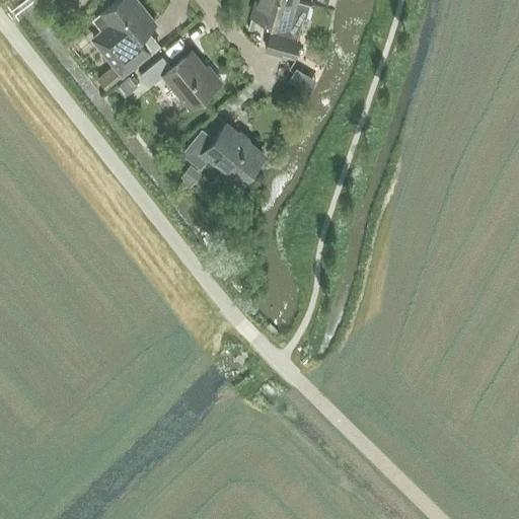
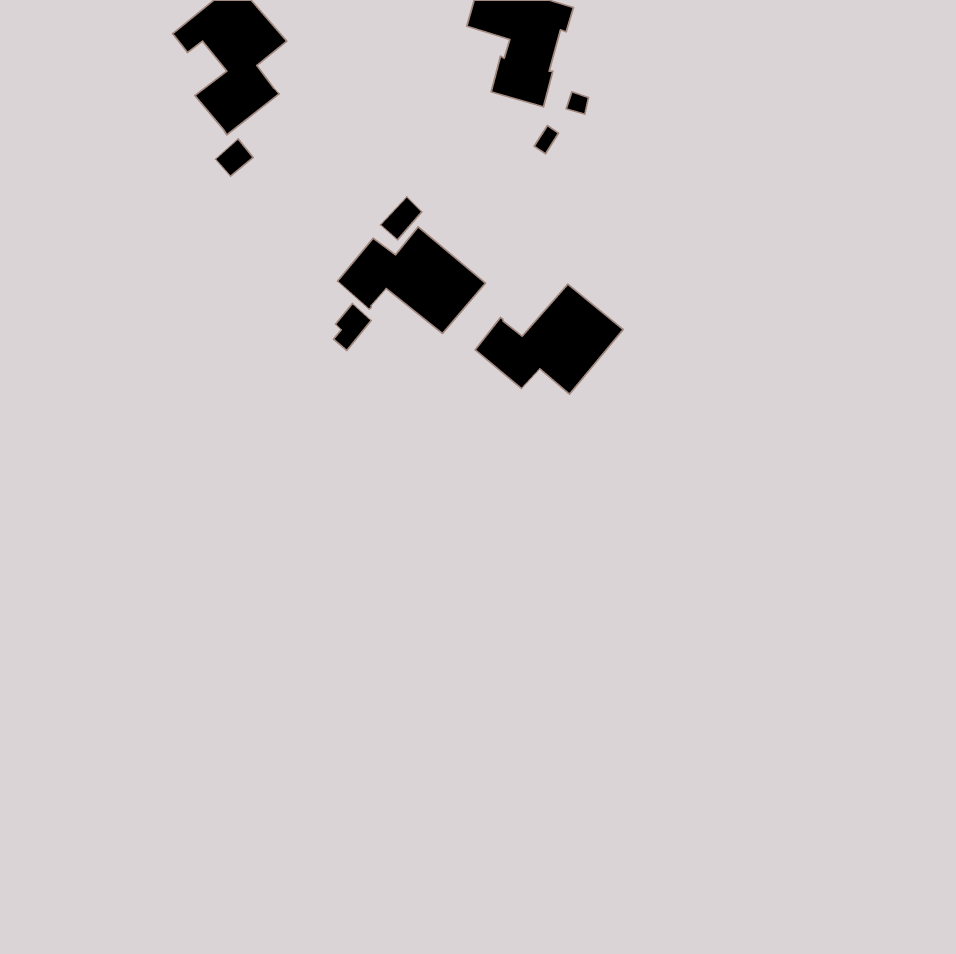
building: [141,51,221,109] -> none
building: none -> [475,284,623,394]

